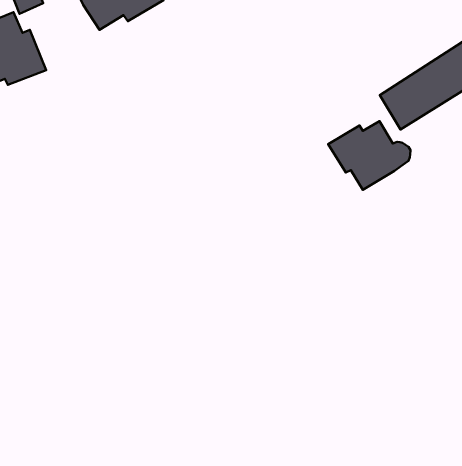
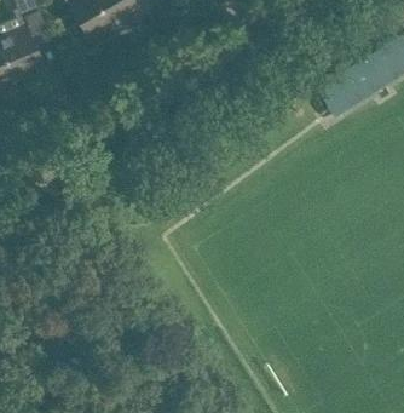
building: [328,121,411,190] -> none

